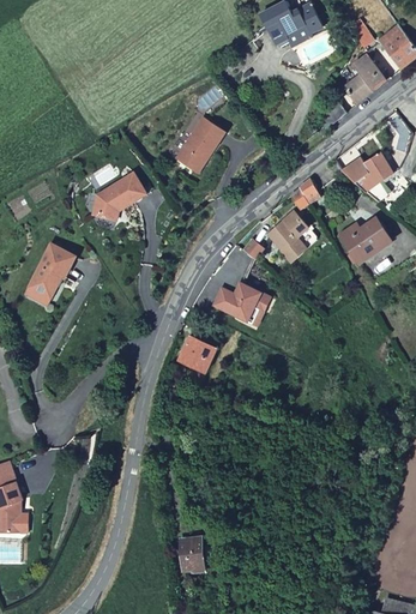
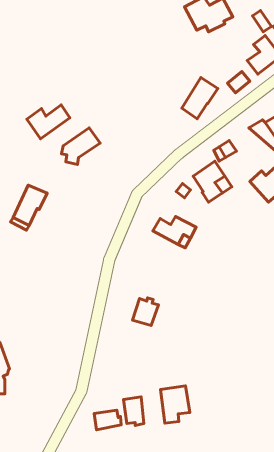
building: [174,118,222,173] -> [182,78,218,119]
building: none -> [27,105,70,139]
building: [180,337,215,374] -> [132,298,158,325]
building: none -> [160,386,190,423]
building: none -> [94,410,121,430]

